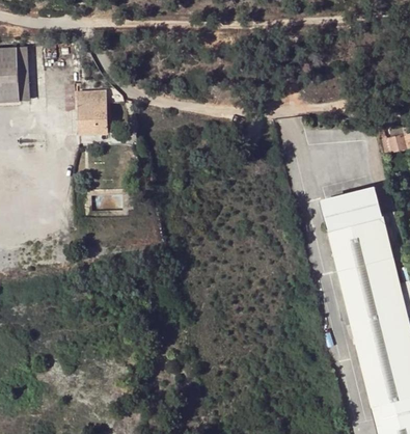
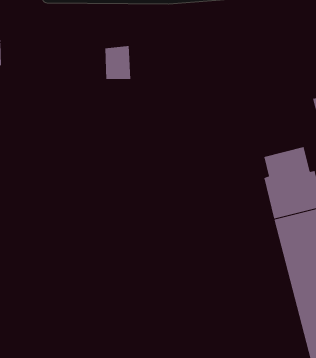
building: [78,94,108,133] -> [105,45,131,80]

